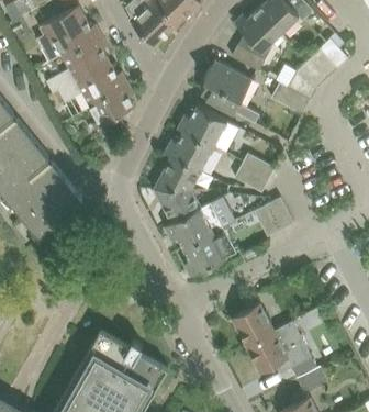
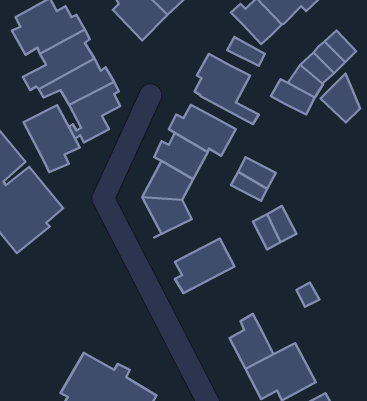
building: none -> [321,74,360,122]
building: none -> [23,105,80,172]
building: [165,203,224,248] -> none

